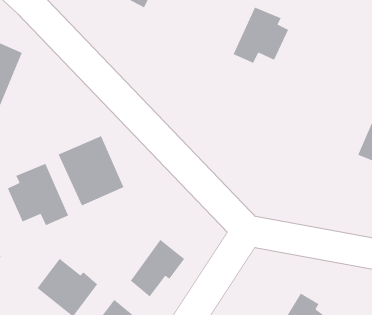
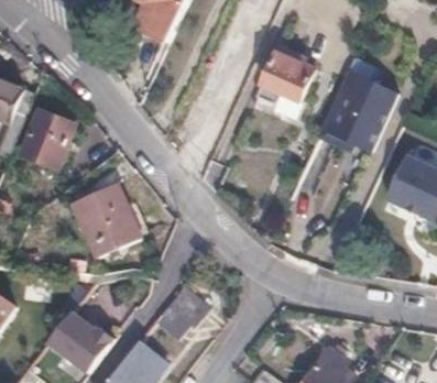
building: none -> [310,79,391,168]
building: none -> [25,103,77,162]
building: [7,163,69,226] -> none

